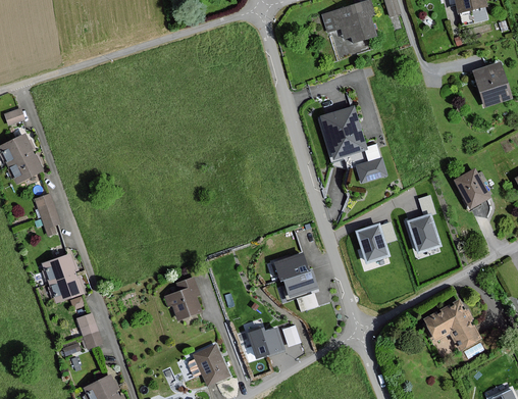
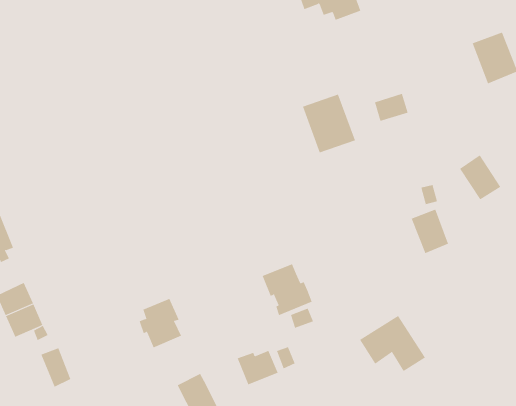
building: [356,158,385,182] -> [374,93,409,122]
building: [356,225,388,262] -> none
building: [422,299,479,349] -> [359,315,426,372]

